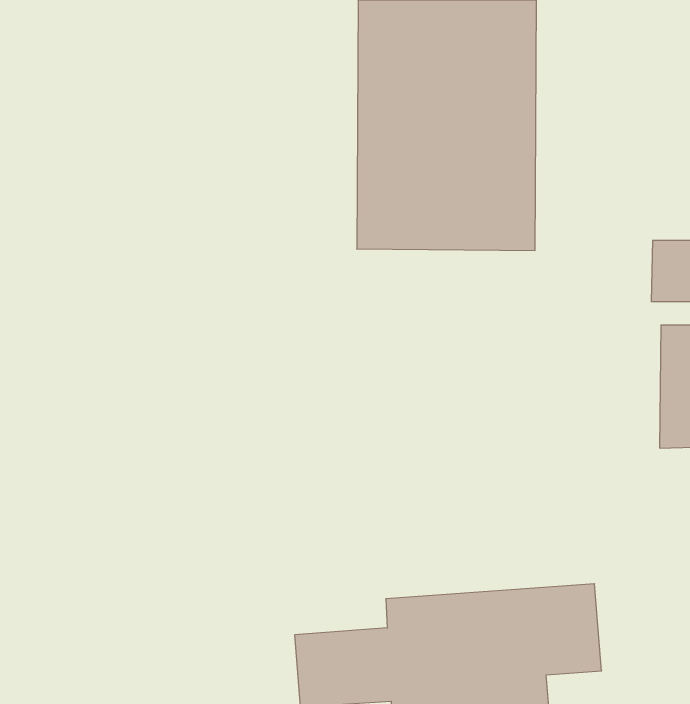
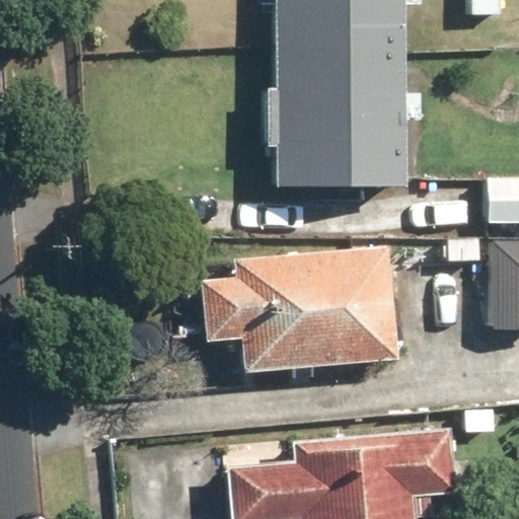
building: none -> [201,246,396,373]

